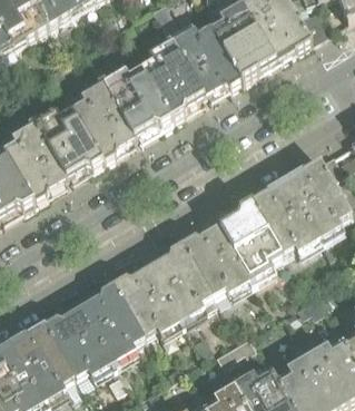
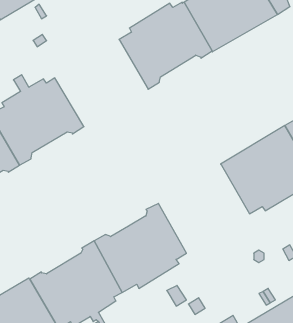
building: [70,67,170,160] -> none
building: [181,202,280,296] -> none

